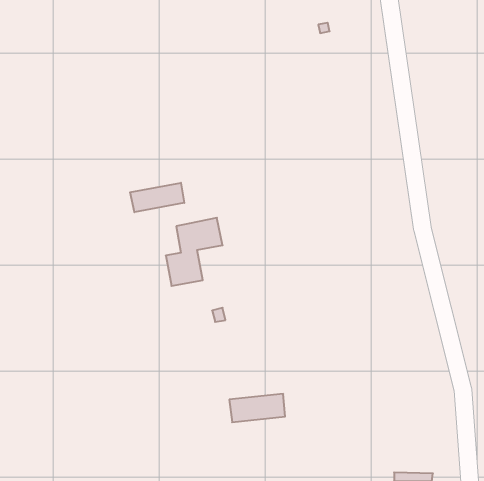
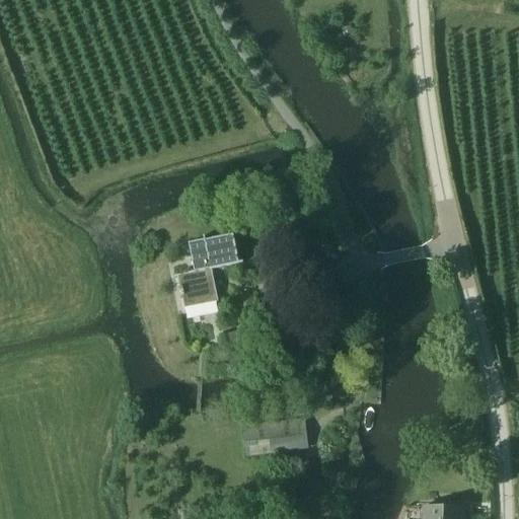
building: [130,183,184,212] -> none

